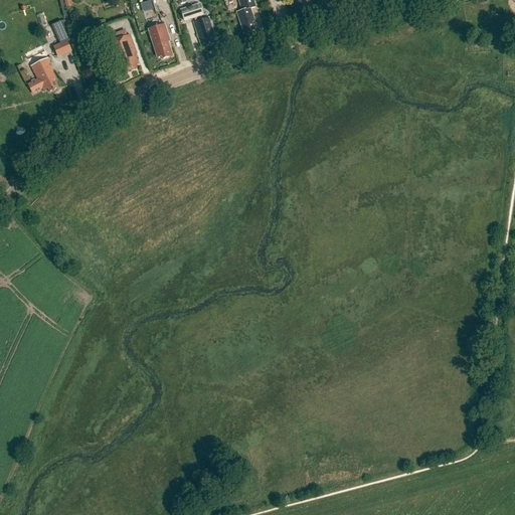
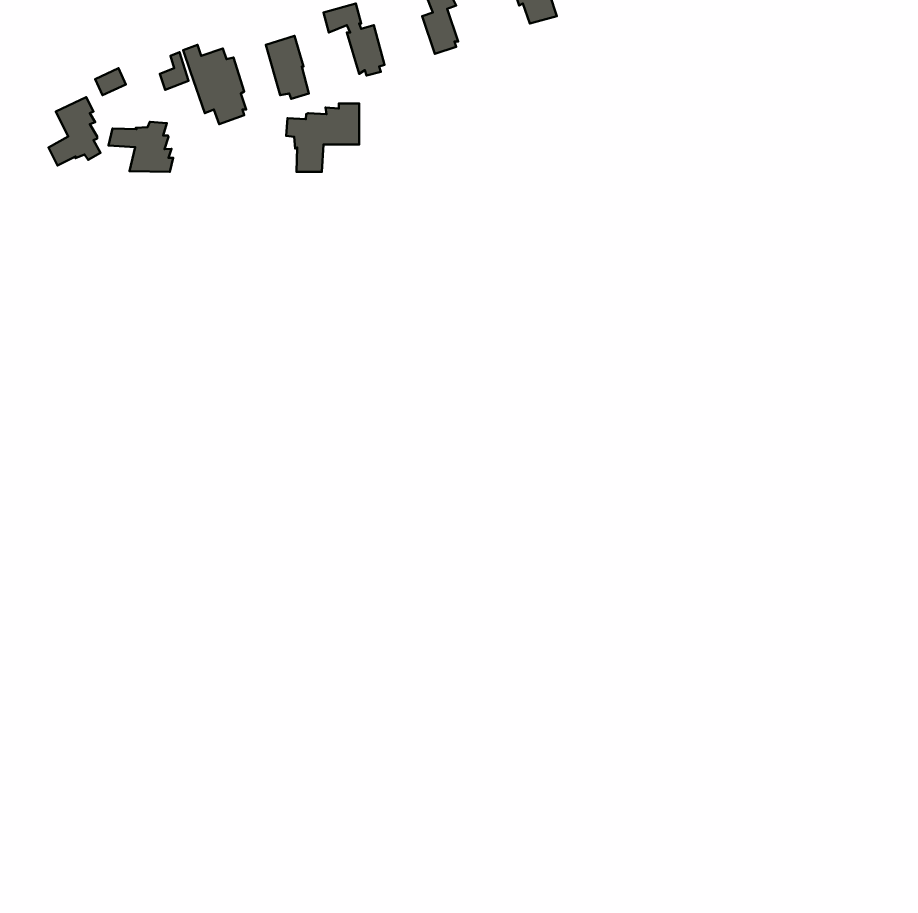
building: none -> [286,103,359,172]
building: none -> [108,122,173,172]

